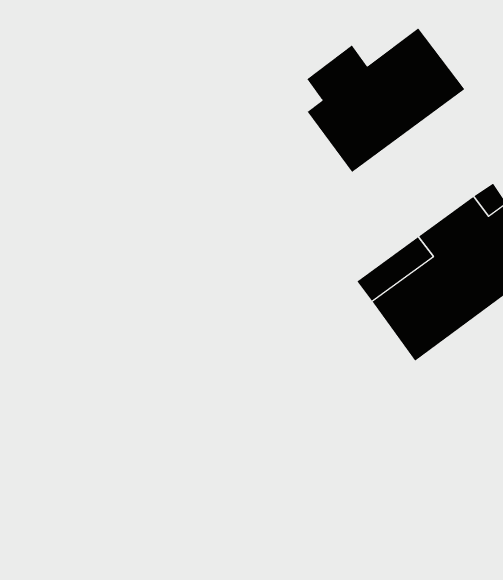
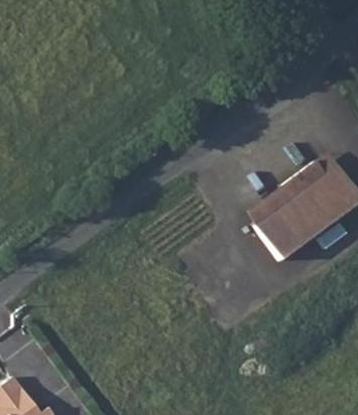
building: [306,27,465,173] -> none

